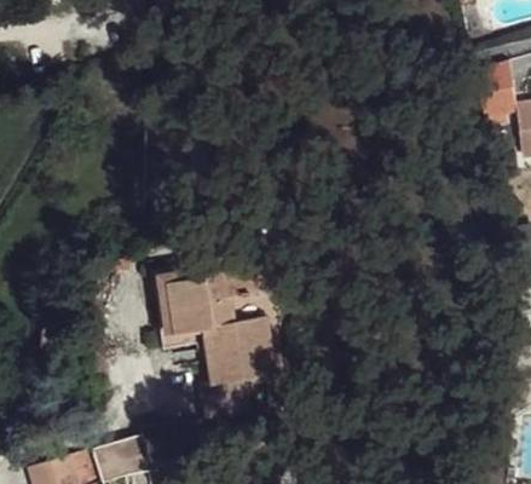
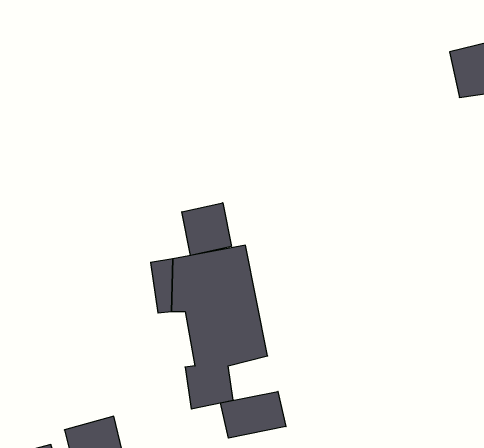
building: none -> [182,203,231,255]
building: none -> [221,391,286,438]

